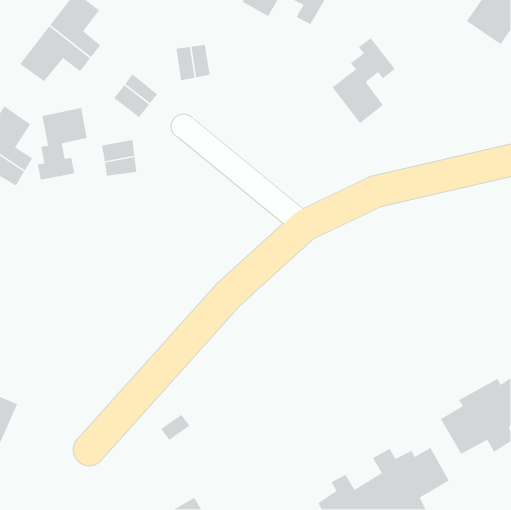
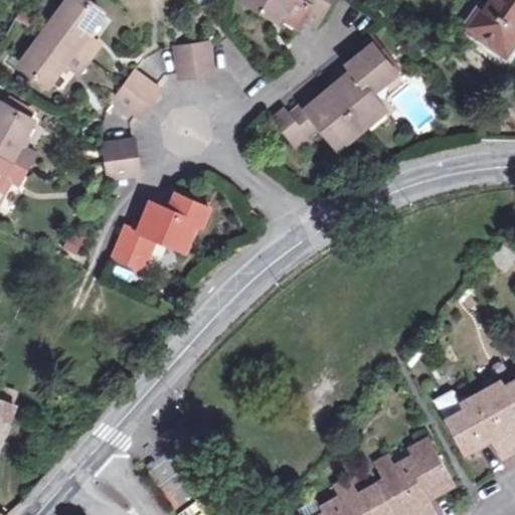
building: none -> [273,88,361,146]
building: [37,107,87,181] -> none
building: none -> [114,198,212,274]

